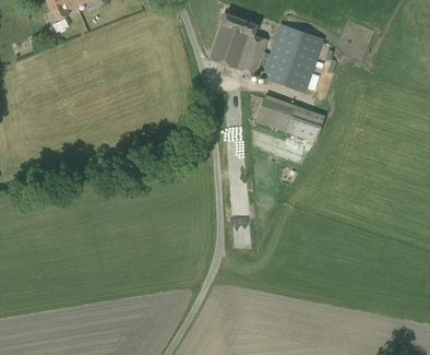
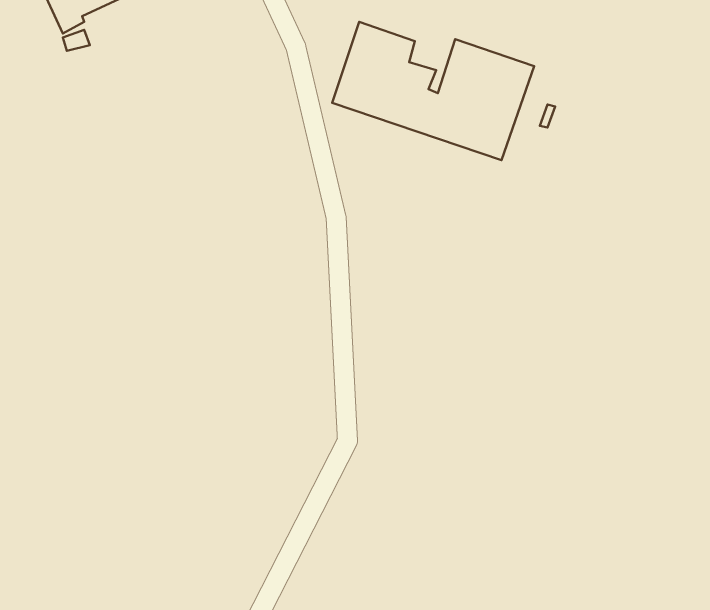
building: [255,95,325,143] -> none

